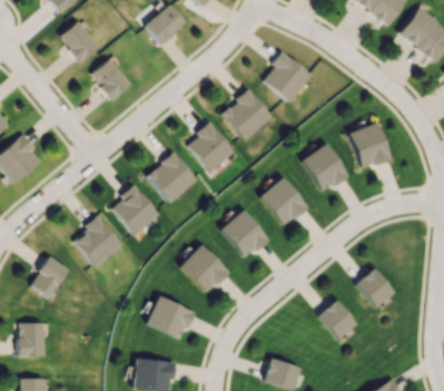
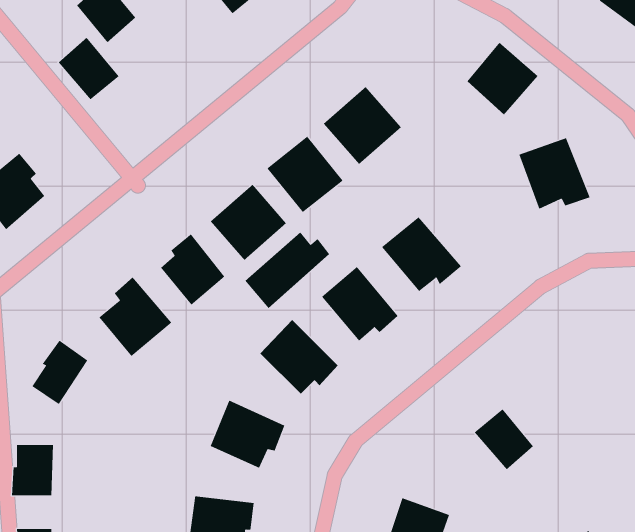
building: [265,53,312,101] -> [467,42,539,116]
building: [90,59,130,100] -> [58,37,119,100]
building: [303,145,348,190] -> none
building: none -> [244,231,330,309]
building: [356,268,395,307] -> none

